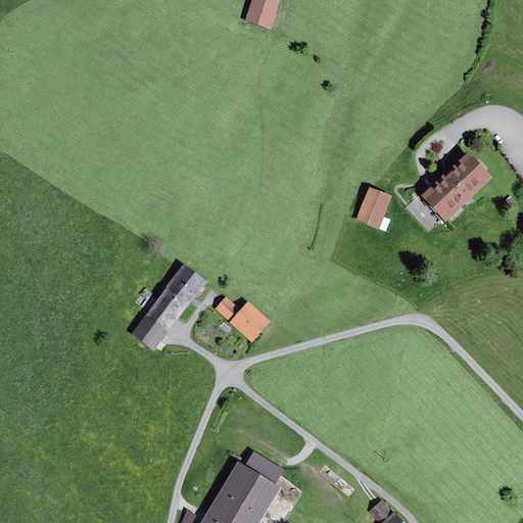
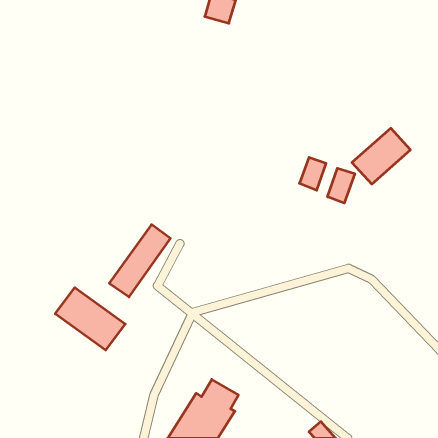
building: none -> [328,168,355,203]
building: [216,298,271,345] -> none
building: none -> [55,288,125,350]

